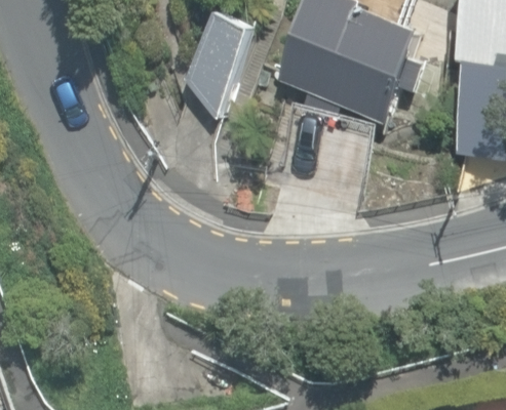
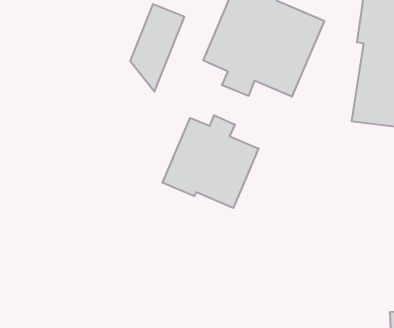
building: none -> [162,115,259,208]

